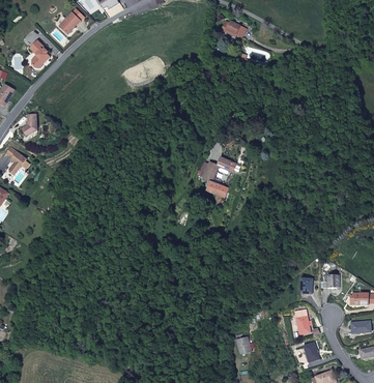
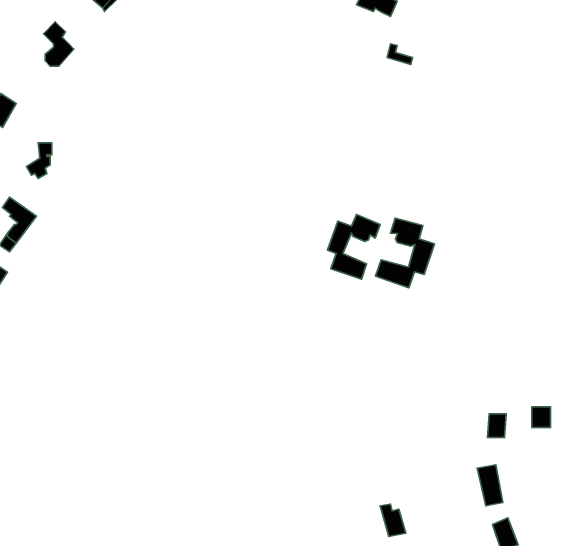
building: none -> [375,218,434,288]

